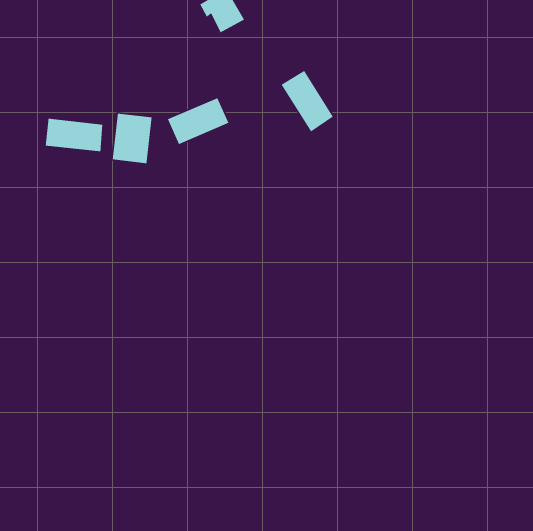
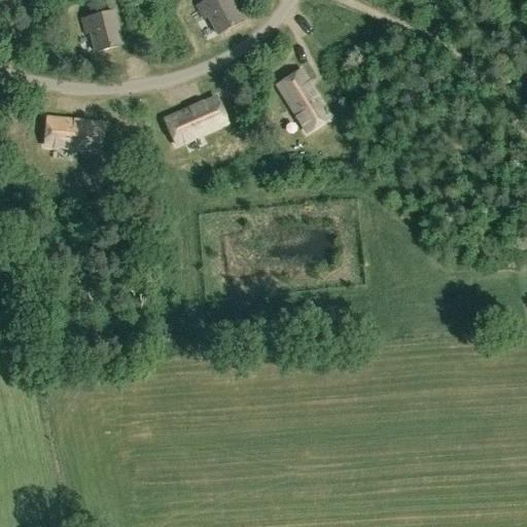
building: none -> [81,9,121,50]
building: [112,113,153,164] -> none

